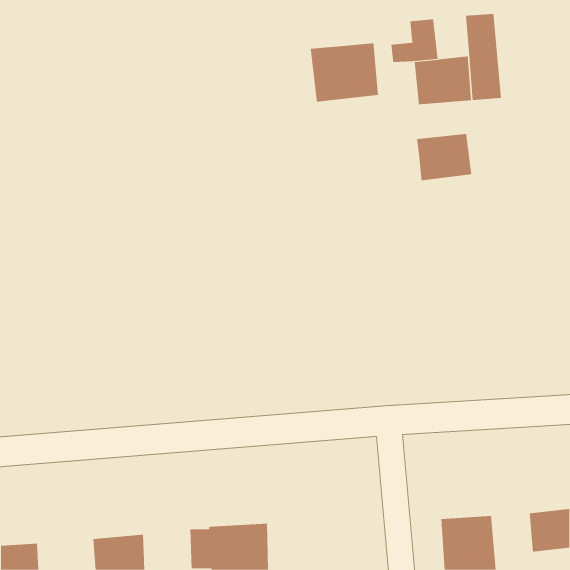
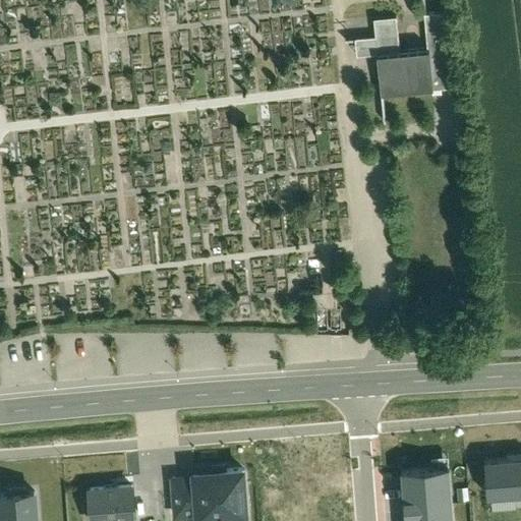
building: [310,42,379,102] -> none
building: [417,133,472,181] -> none

